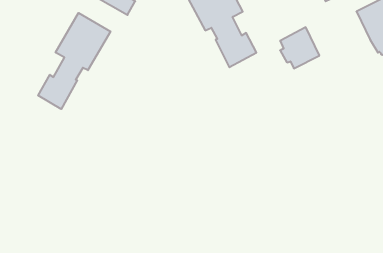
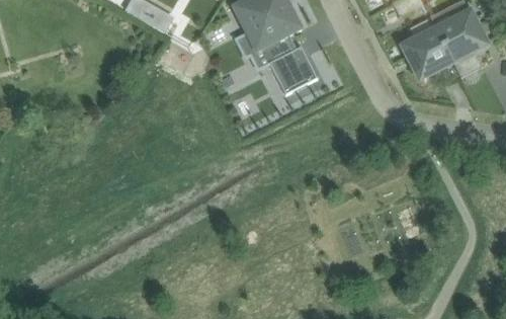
building: [38,13,110,109] -> none
building: [280,27,319,68] -> [405,27,451,76]

